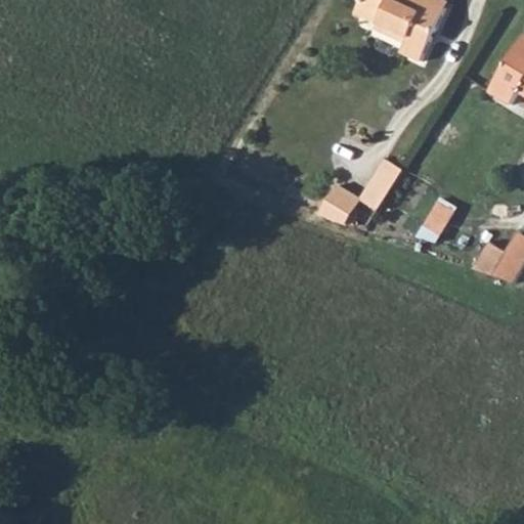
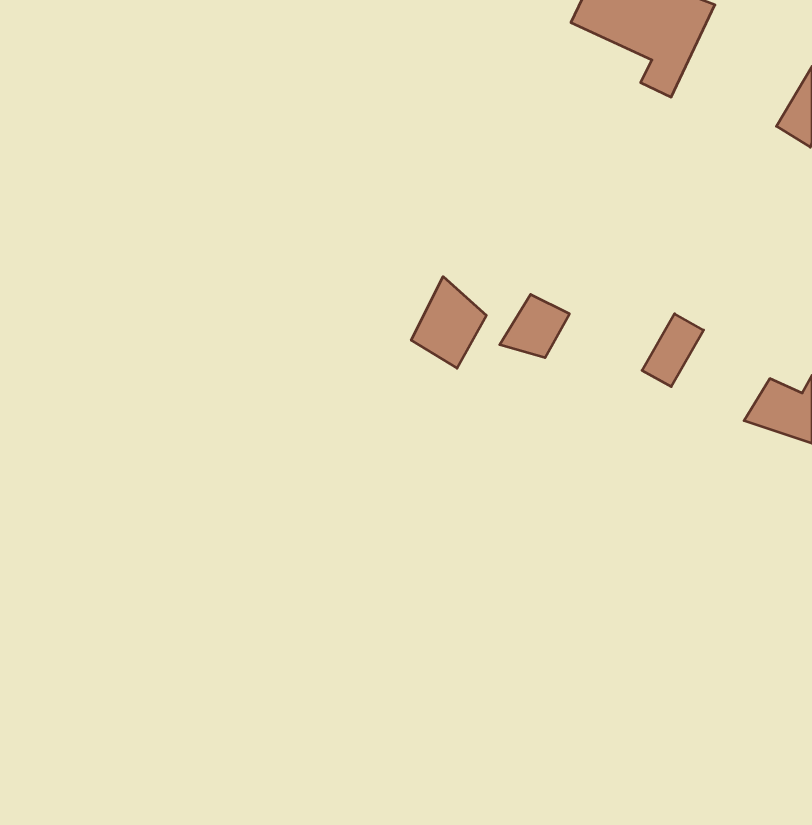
building: [361,159,404,210] -> none
building: none -> [411,277,486,368]

